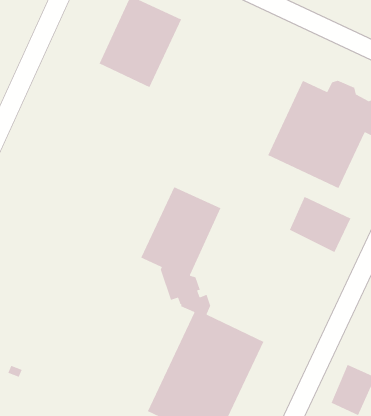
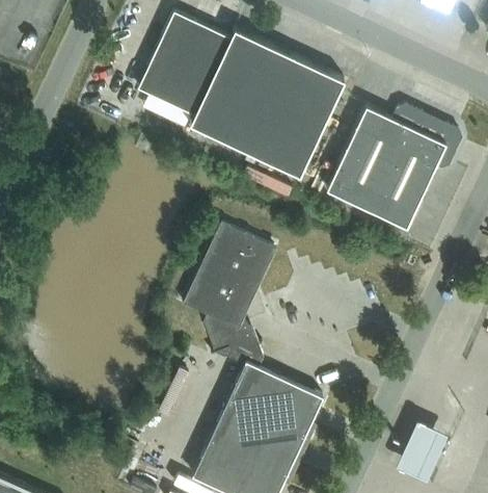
building: none -> [190,31,344,177]
building: [289,196,351,253] -> none

